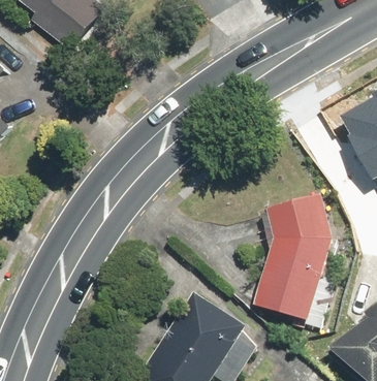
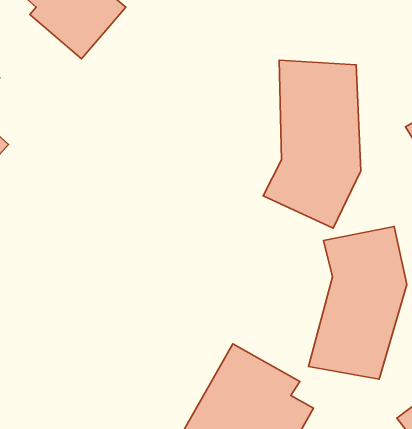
building: none -> [263,60,361,228]

